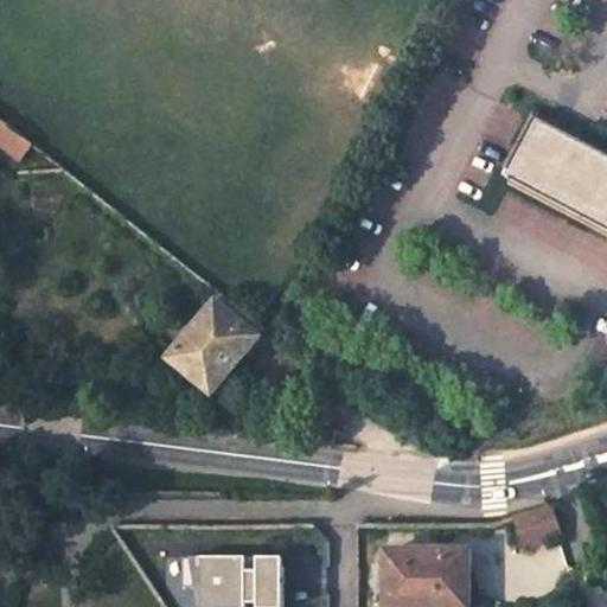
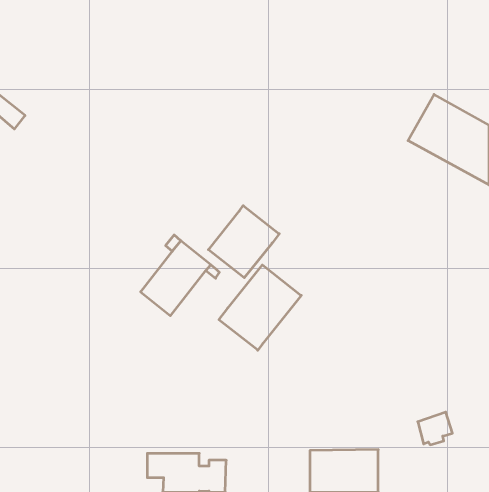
building: none -> [208,206,279,278]
building: none -> [219,265,301,350]

